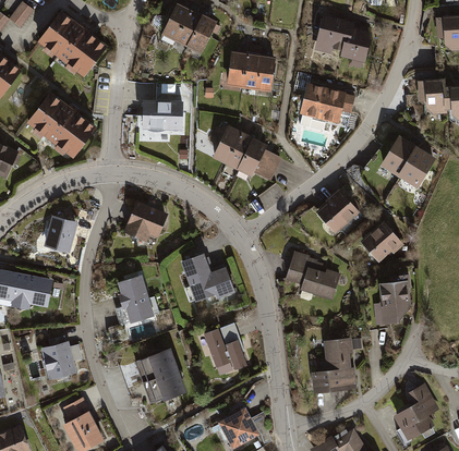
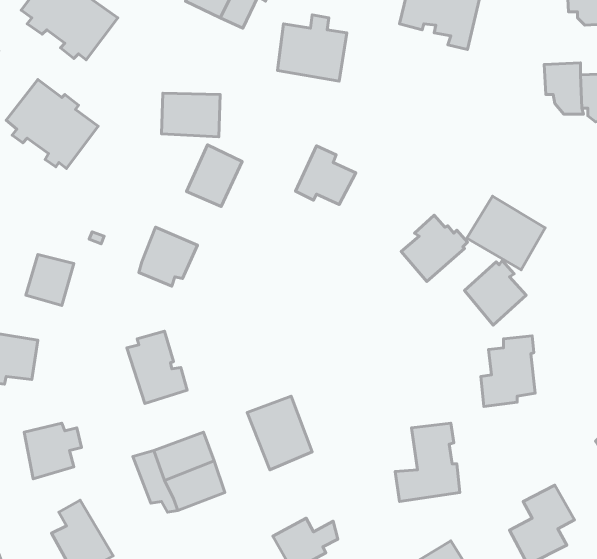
building: [298,82,354,123] -> none
building: [213,126,253,171] -> [186,145,242,207]
building: [379,136,436,190] -> [467,196,545,270]
building: [182,251,237,300] -> none
building: [287,252,341,300] -> none

